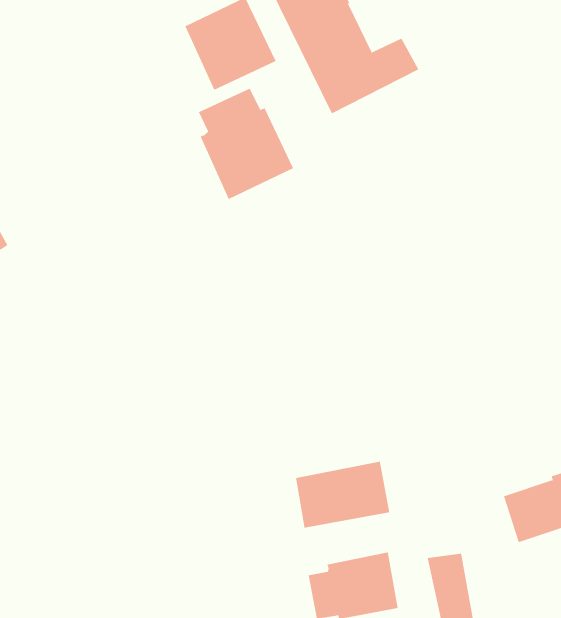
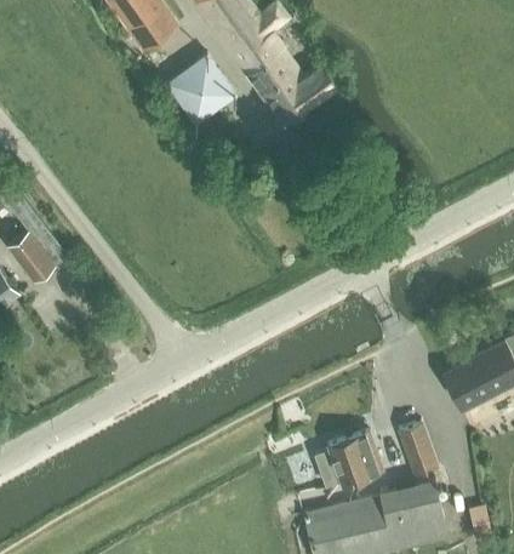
building: [198,88,294,200] -> none
building: [296,461,390,529] -> none

